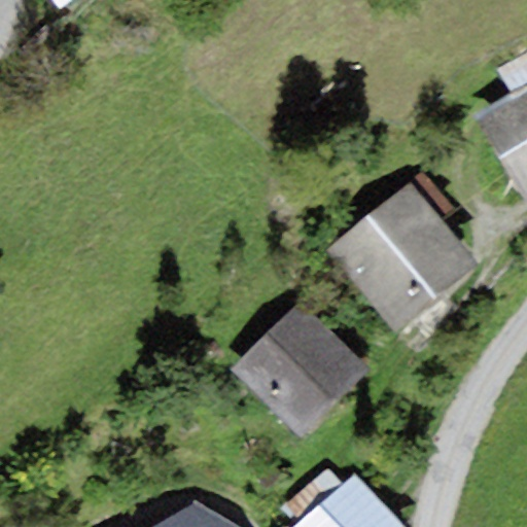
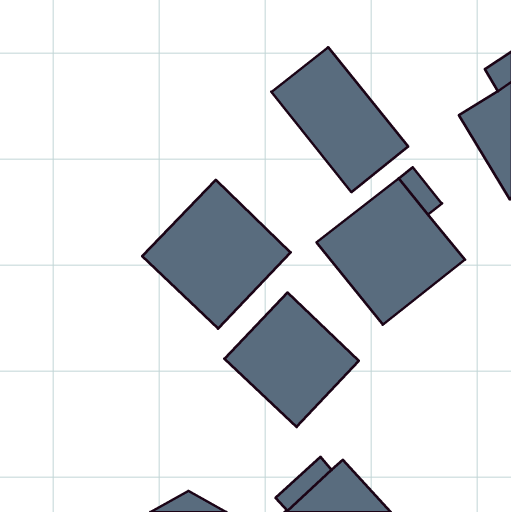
building: none -> [271,47,408,192]
building: none -> [142,180,291,329]

